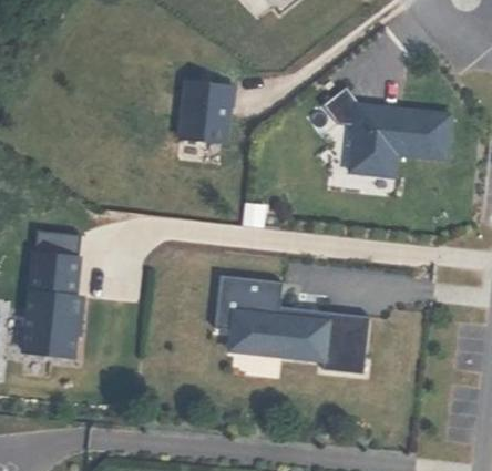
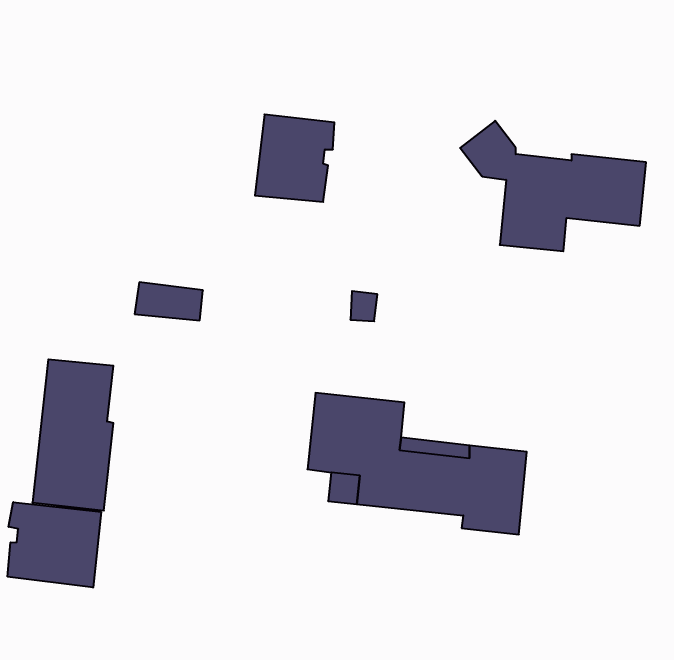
building: [34,231,82,257] -> [135,282,203,320]
building: none -> [8,502,101,588]

